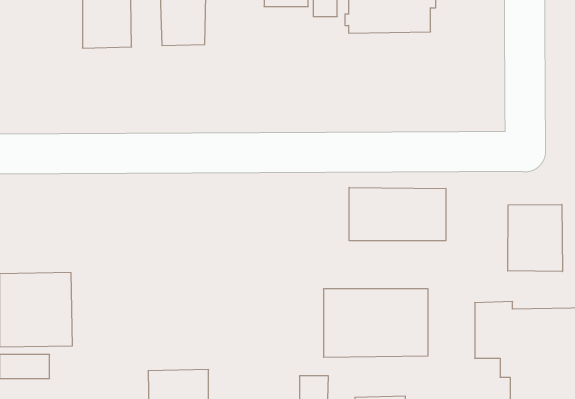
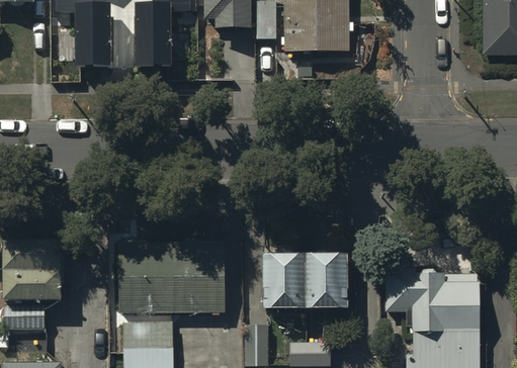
building: [349,187,446,241] -> none
building: [508,204,562,272] -> none
building: none -> [119,236,225,312]

